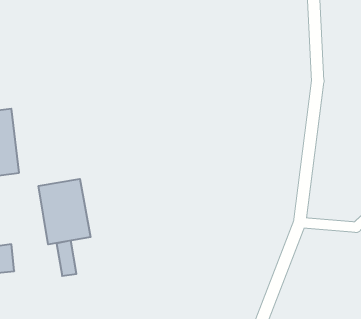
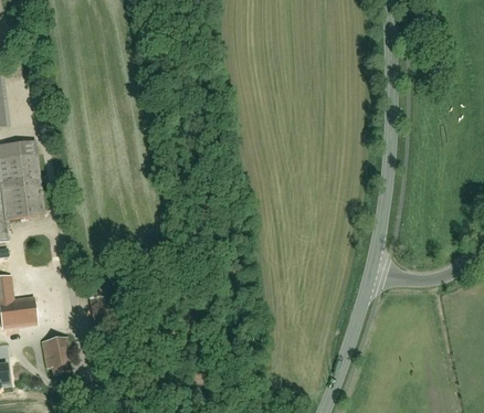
building: [39,179,91,244] -> none
building: none -> [43,336,72,373]

